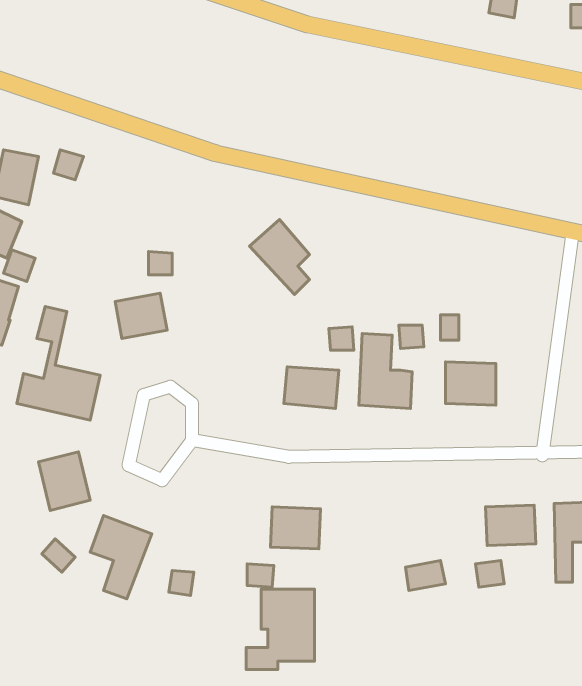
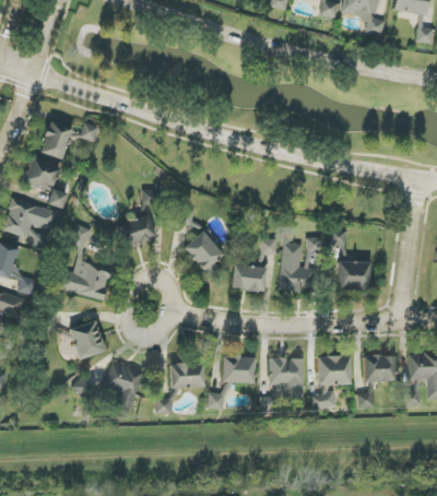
building: [250,219,310,294] -> [182,231,222,280]
building: none -> [317,356,351,385]
building: none -> [170,363,204,388]
building: [246,589,314,669] -> [259,358,304,411]

